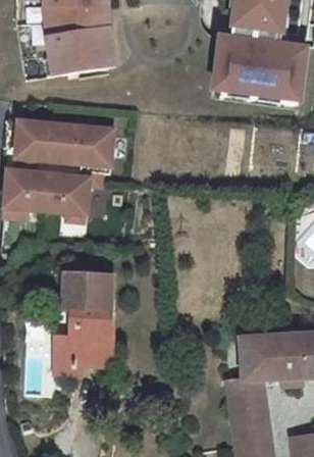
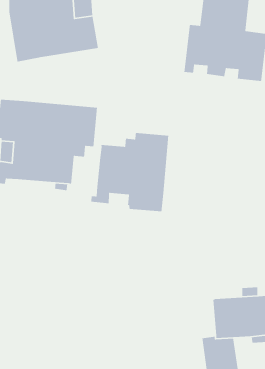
building: none -> [90,132,169,212]
building: [54,271,113,373] -> none

